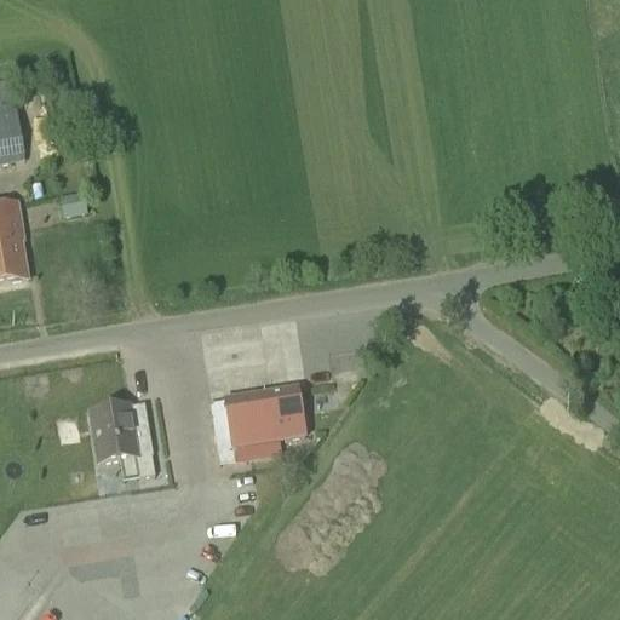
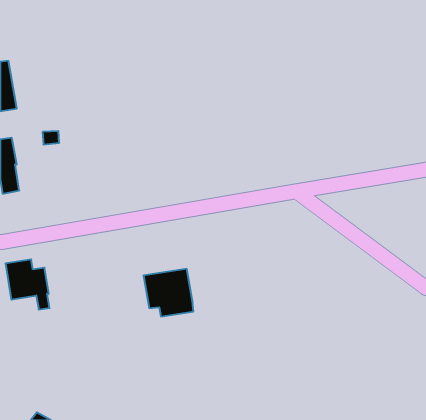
building: [271,385,305,437] -> none
building: [90,402,154,475] -> [5,259,50,310]

